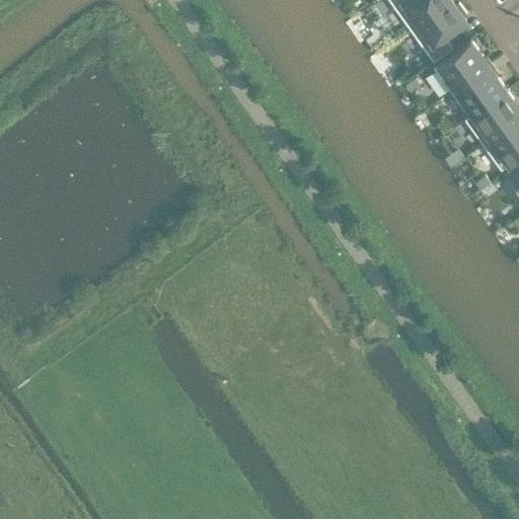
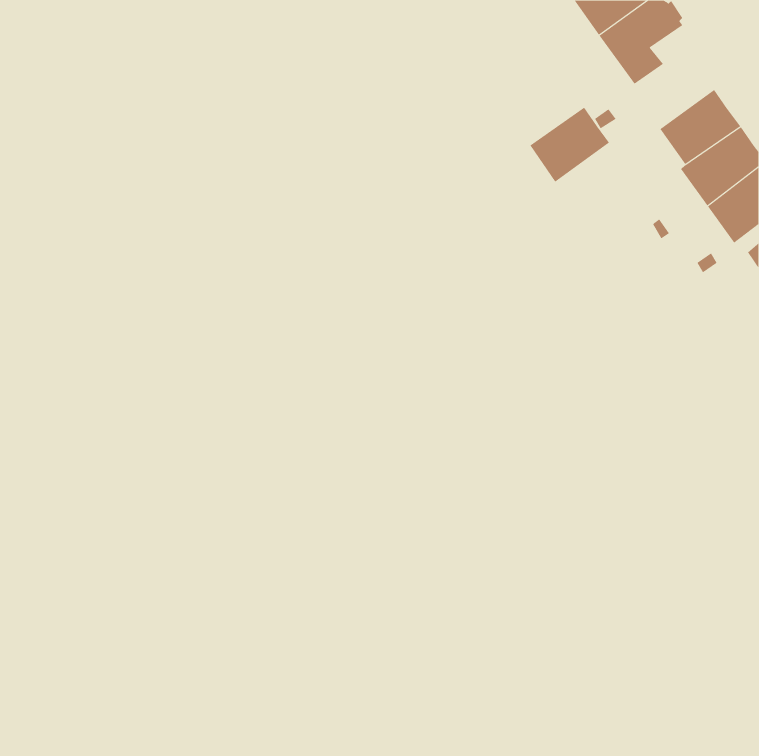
building: [433,39,488,90] -> [530,107,610,183]

